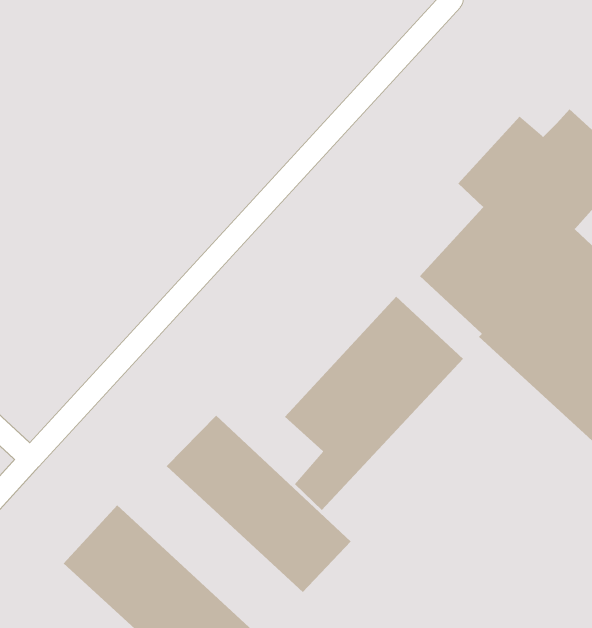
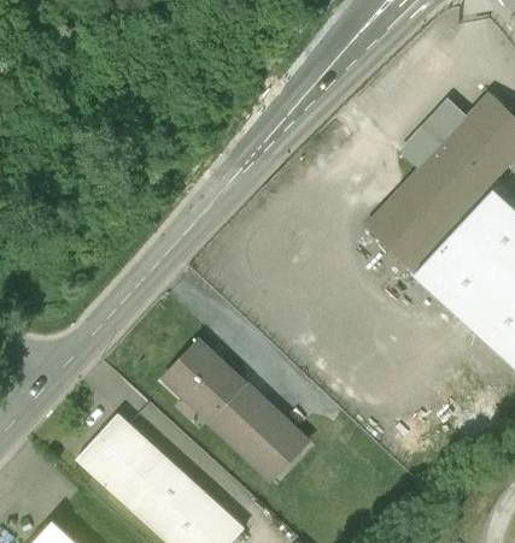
building: [284,296,464,511] -> none

